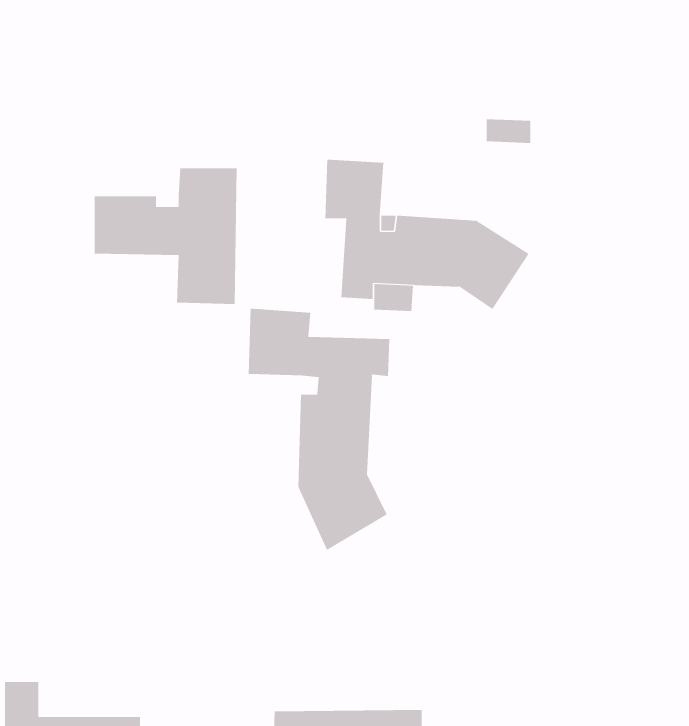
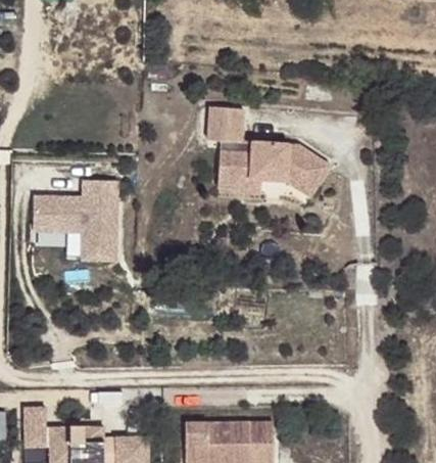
building: [94,168,237,305] -> [33,181,116,261]
building: [248,308,390,551] -> none

